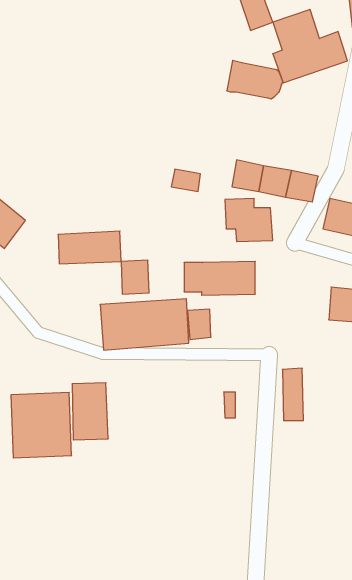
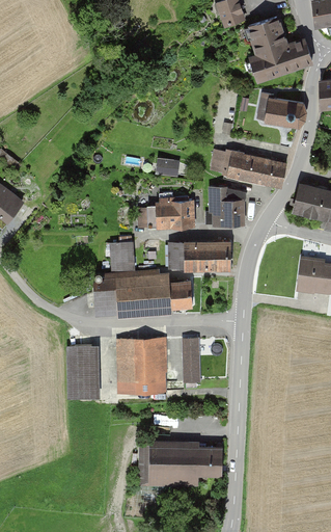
building: [227,60,283,99] -> [256,91,306,126]
building: [58,231,121,264] -> [138,201,194,230]
building: [282,368,303,421] -> [183,338,201,384]
building: [11,393,72,458] -> [115,338,169,396]
building: none -> [147,441,224,485]

